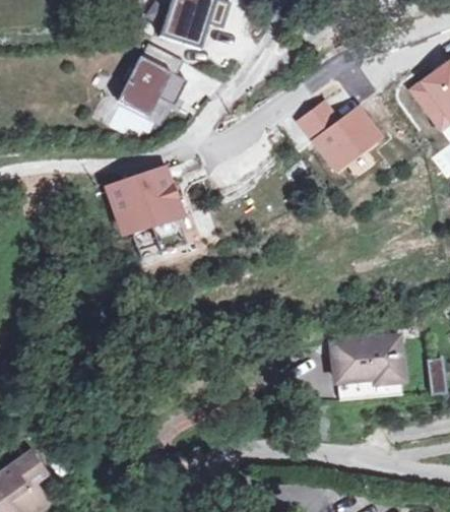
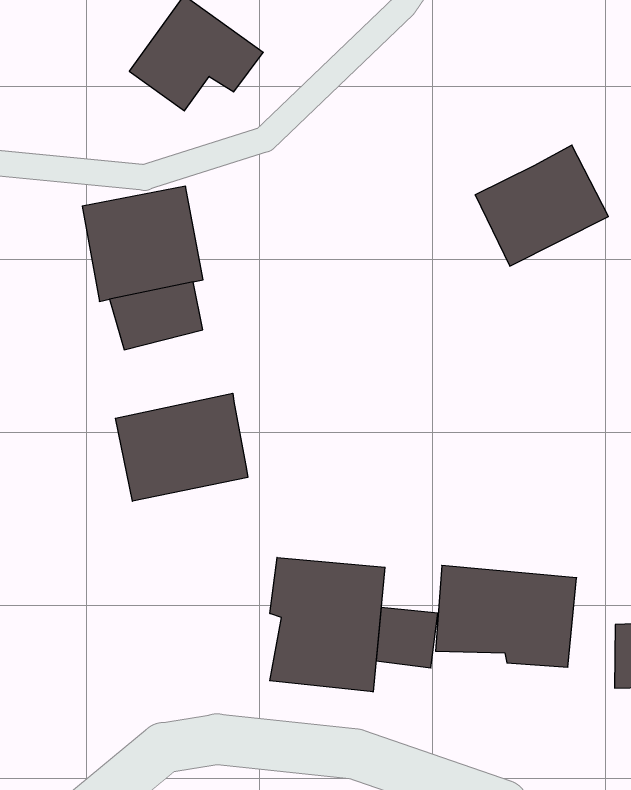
building: [299,101,341,139] -> none
building: none -> [115,393,248,501]
building: none -> [270,557,385,692]

